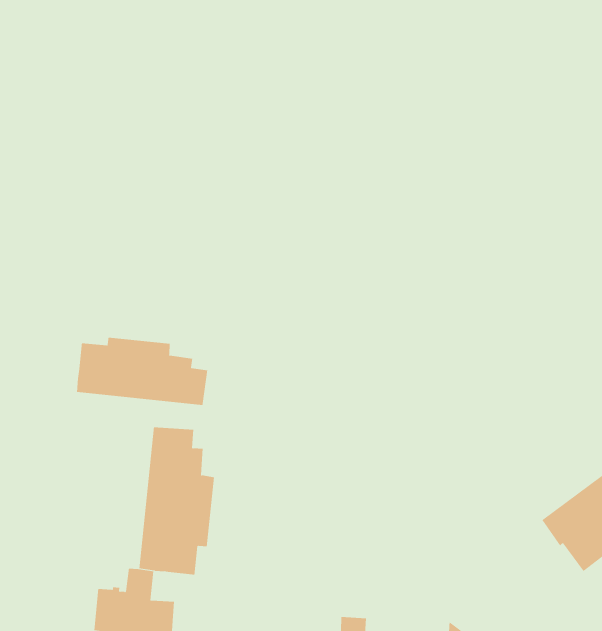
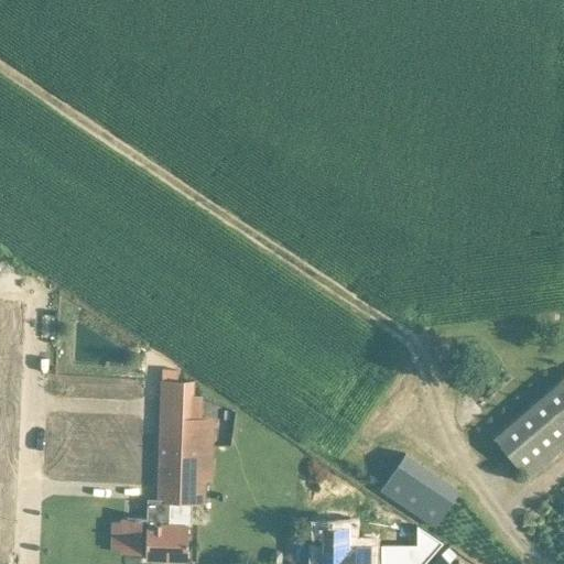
building: [77,337,208,406] -> none
building: none -> [376,458,456,529]

